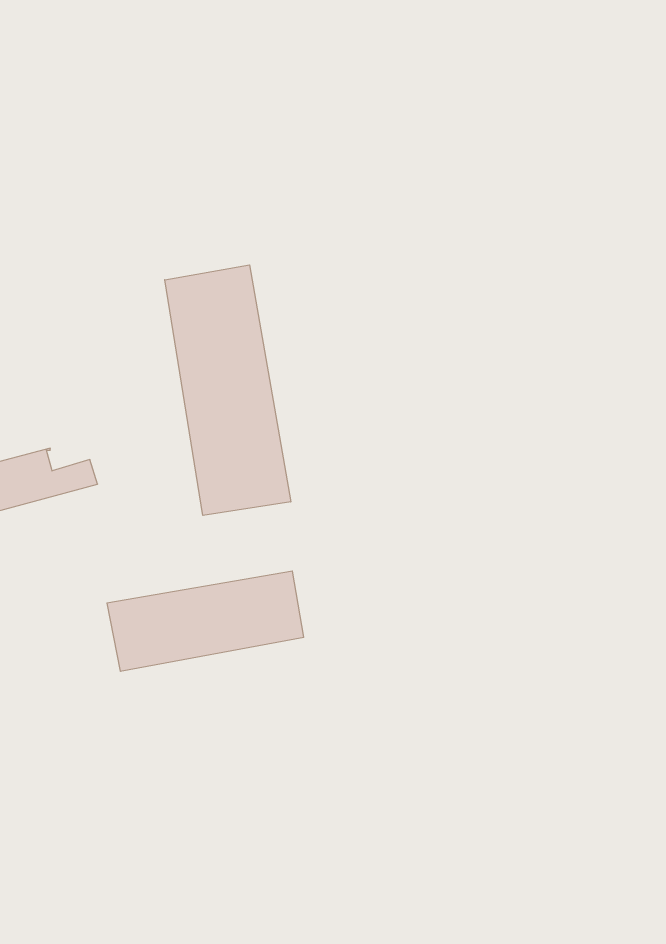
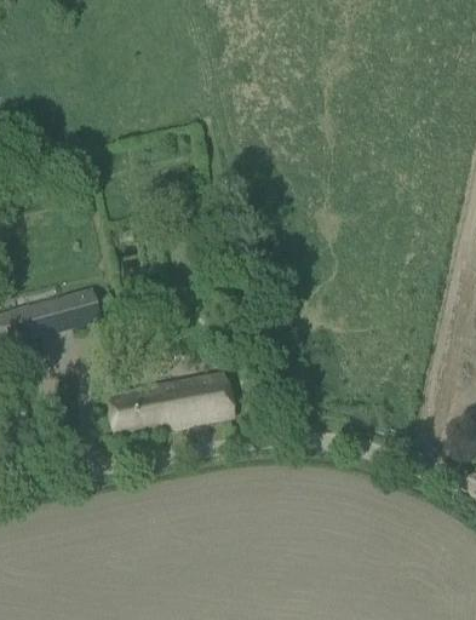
building: [165,265,291,515] -> none

